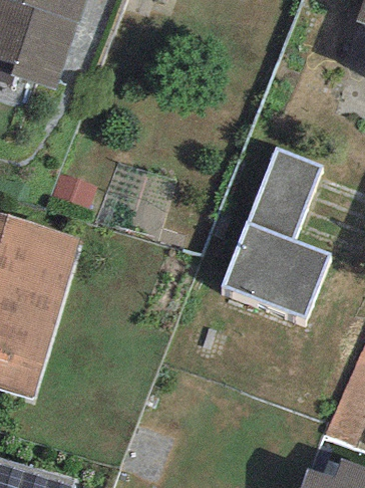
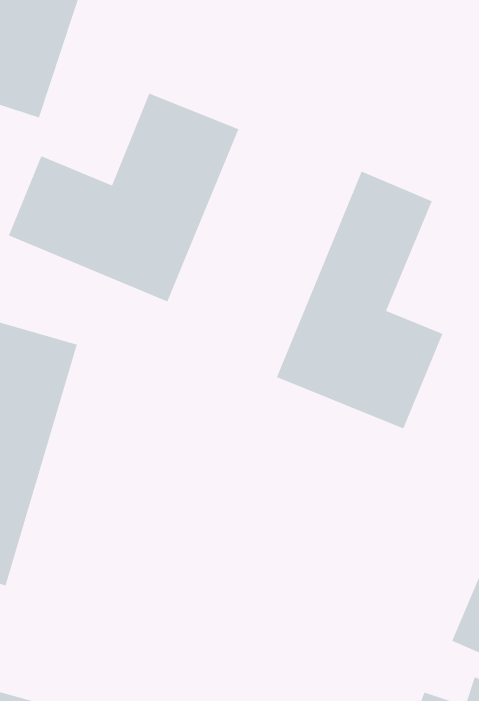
building: none -> [8,92,239,302]

